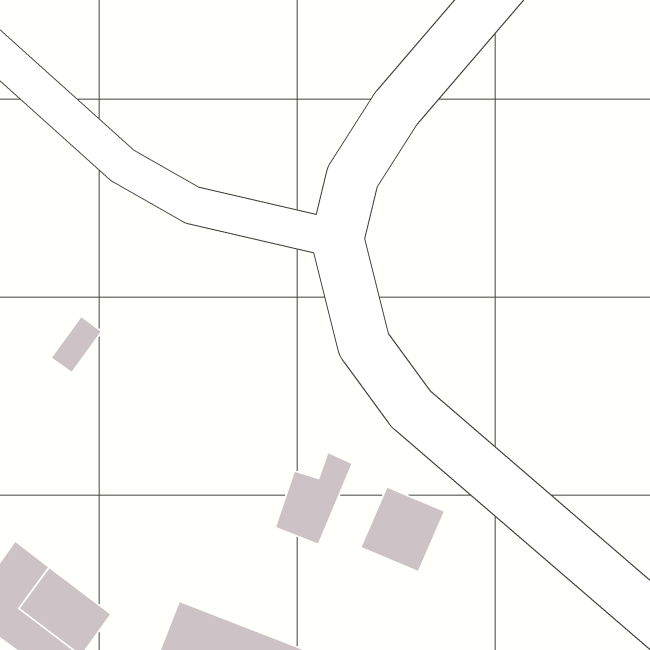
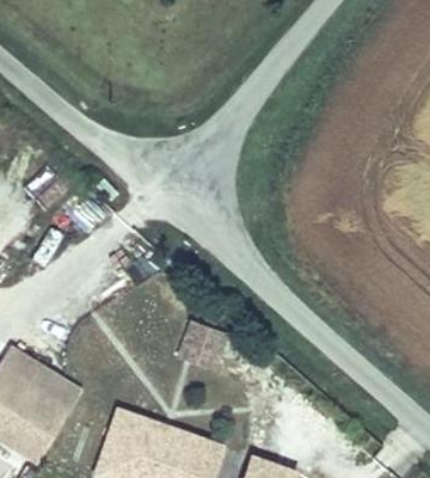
building: [360,487,445,572] -> none
building: none -> [12,350,87,415]

